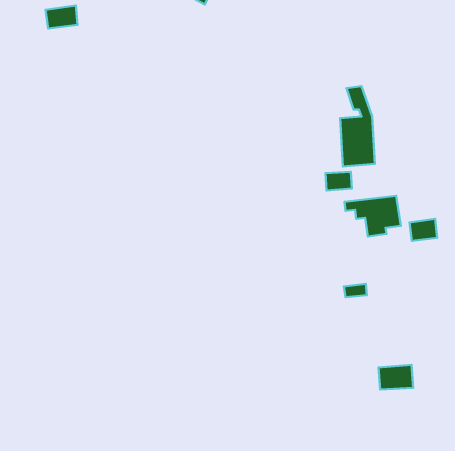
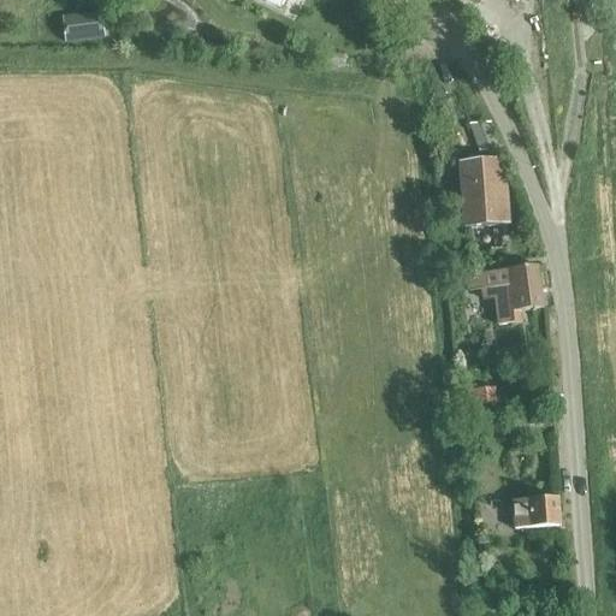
building: [326,172,352,191] -> none
building: [410,219,437,241] -> none

